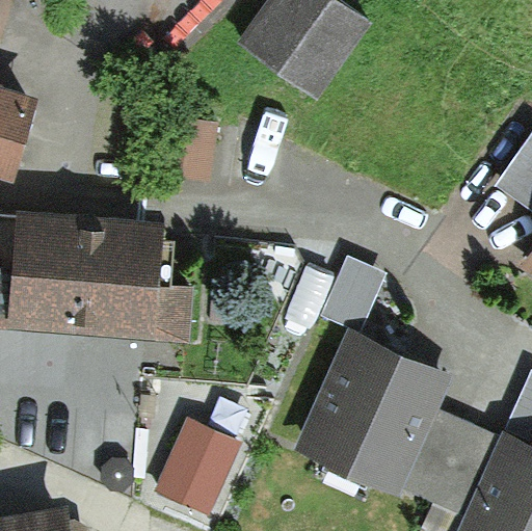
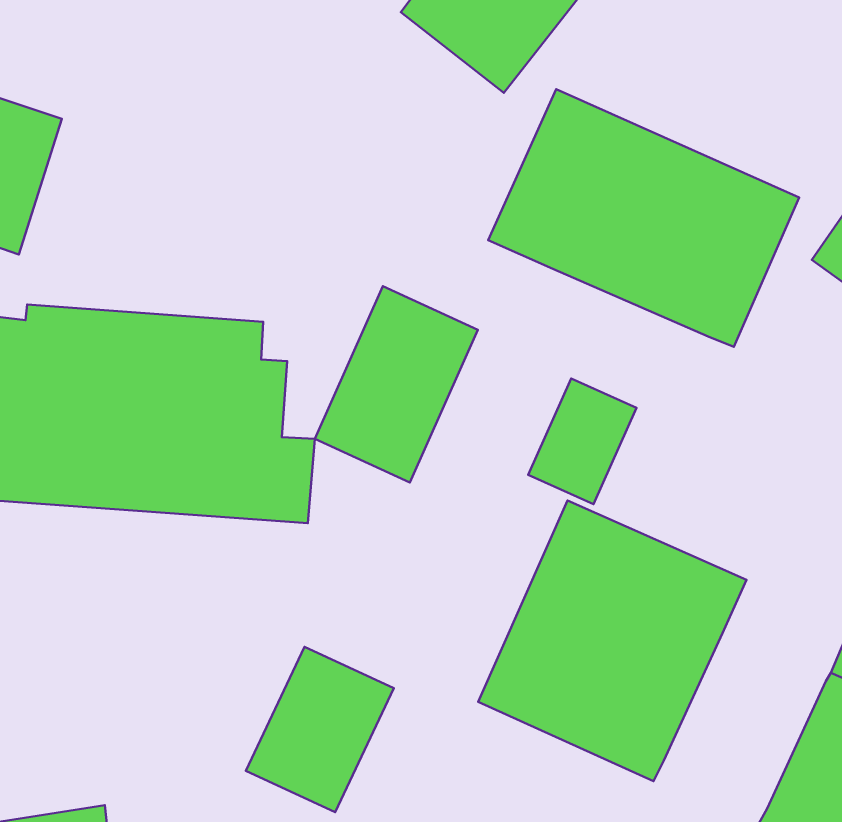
building: none -> [488,89,799,347]
building: none -> [315,286,478,482]
building: [404,408,502,514] -> none

